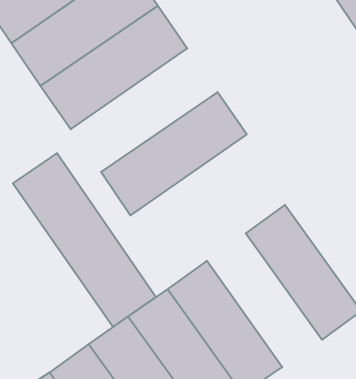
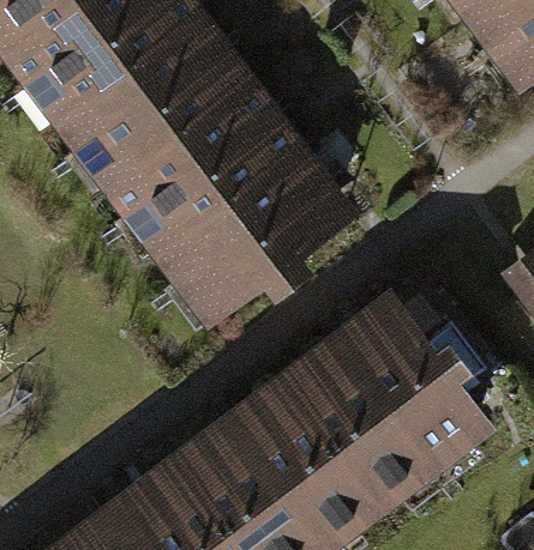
building: none -> [106,89,304,255]
building: [13,153,156,327] -> none
building: none -> [289,338,445,519]

